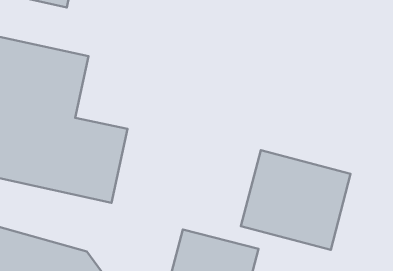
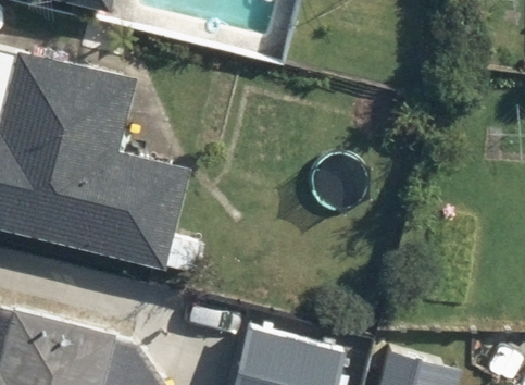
building: [241,150,350,250] -> none

